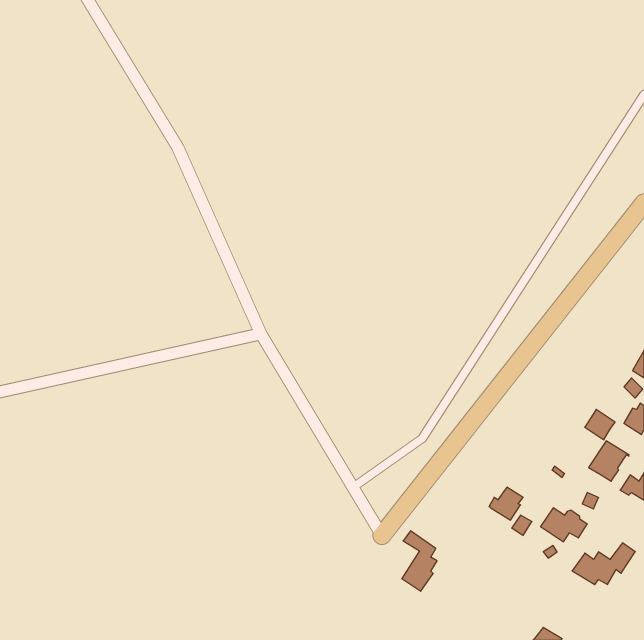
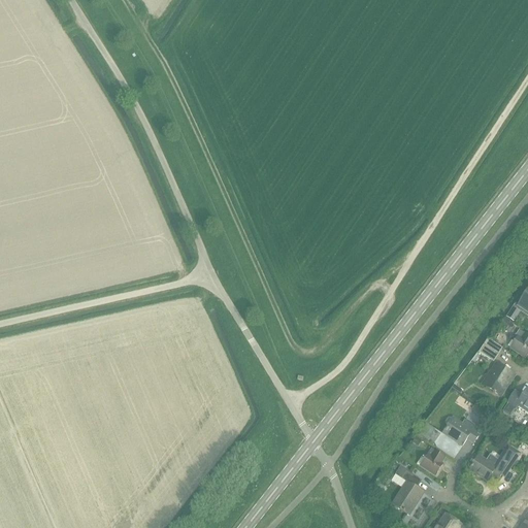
building: [489,487,523,520] -> [417,447,444,473]
building: [402,531,437,591] -> [393,464,422,514]

